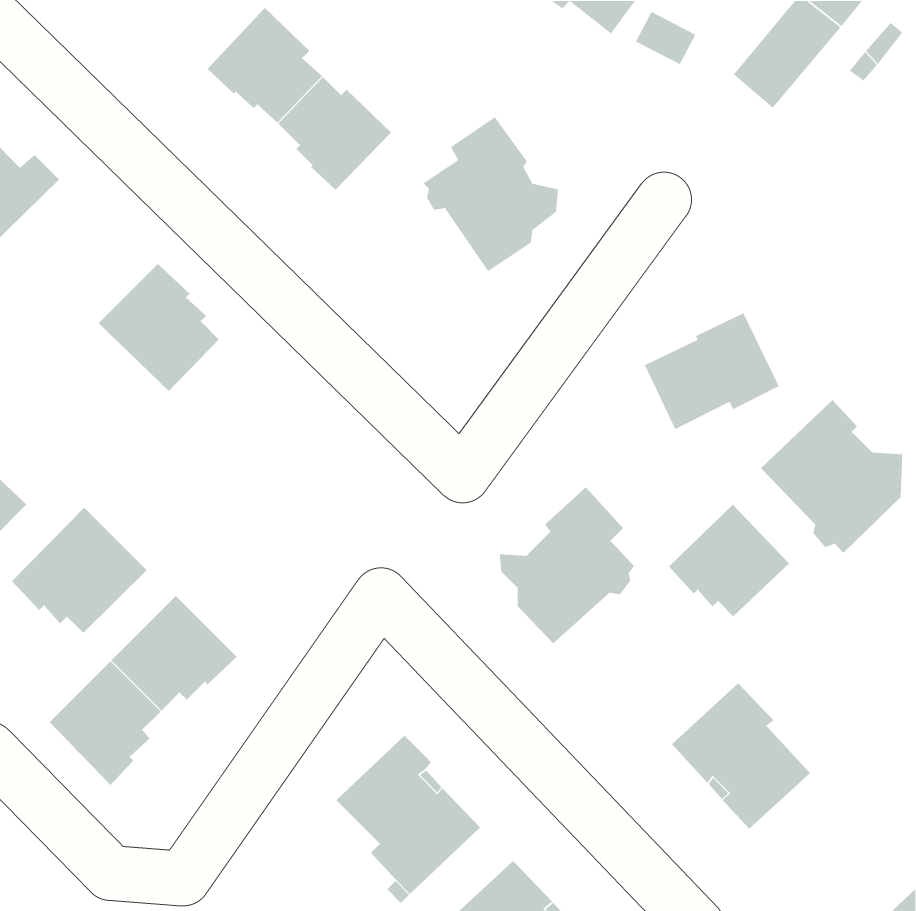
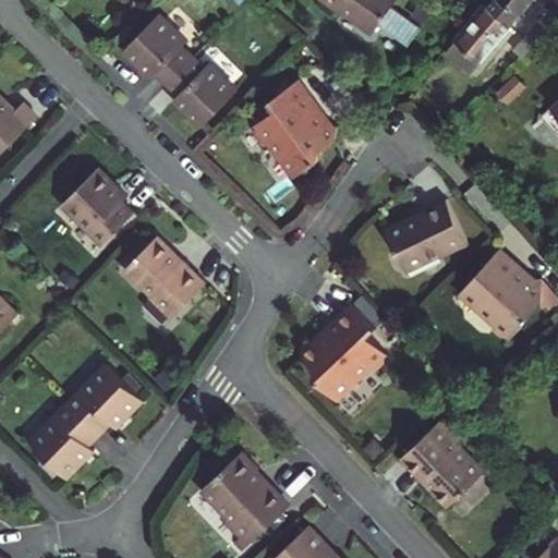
building: none -> [125,238,206,320]
building: [668,504,790,617] -> none
building: [11,507,148,634] -> none

